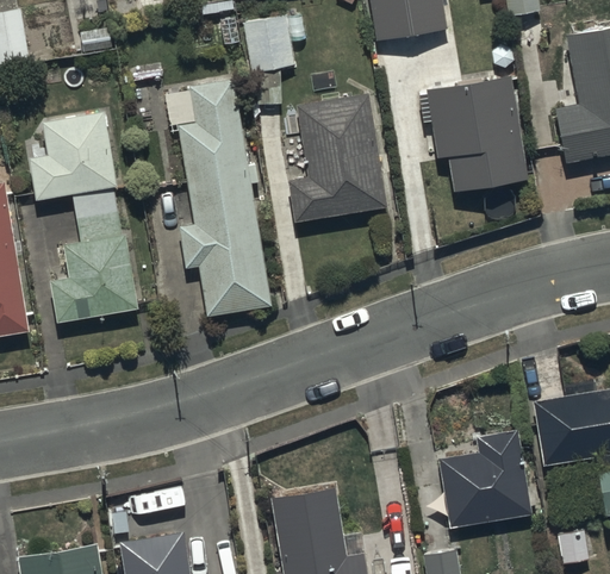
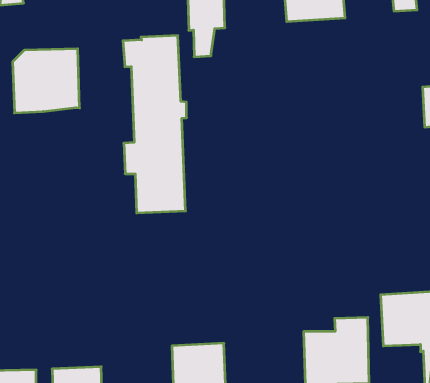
building: [418,76,528,194] -> none
building: [287,98,387,226] -> none
building: [54,191,136,323] -> none

